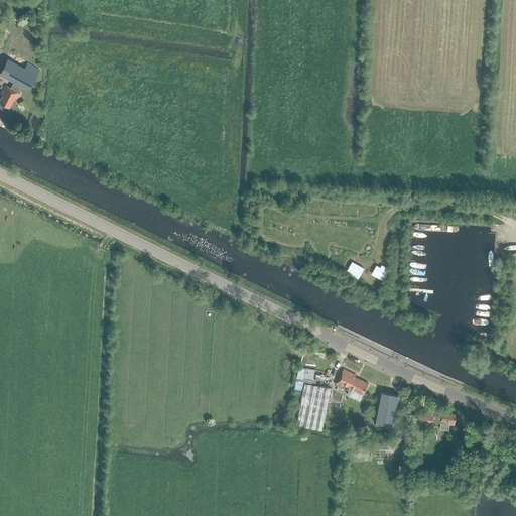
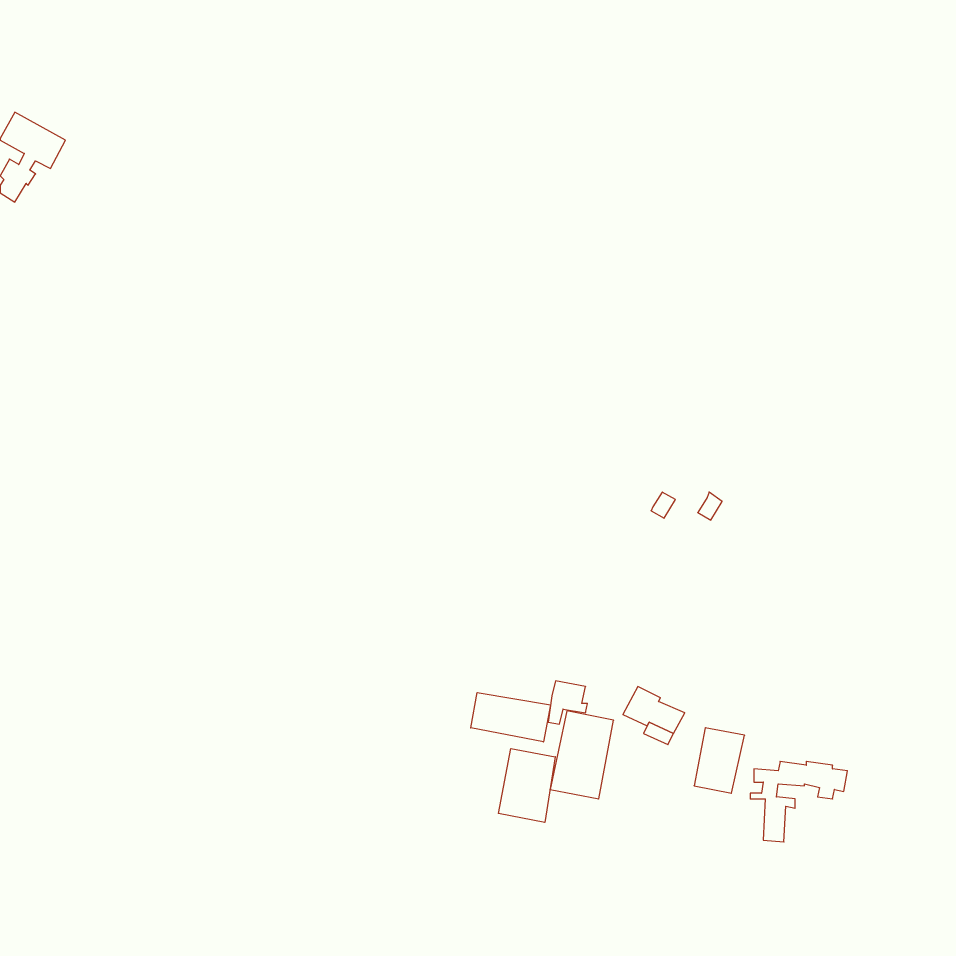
building: none -> [471,693,551,742]
building: none -> [498,749,555,822]

